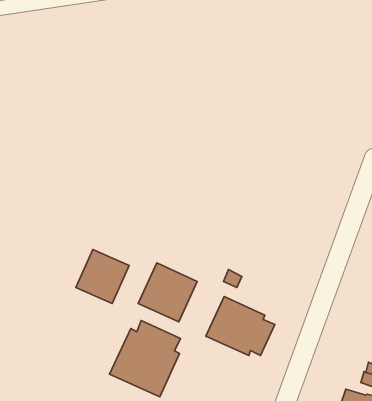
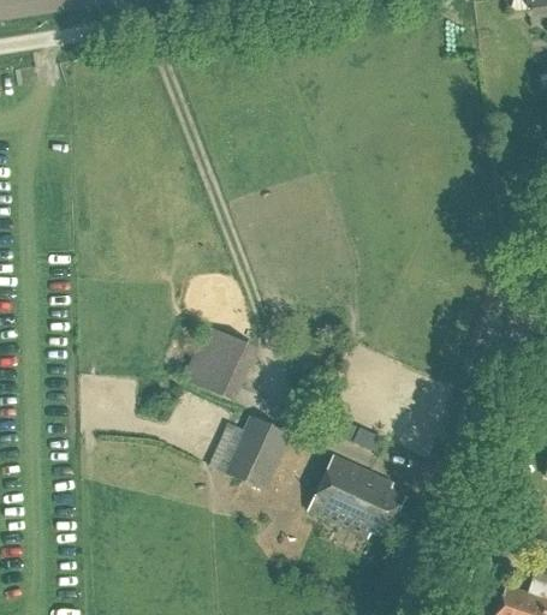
building: [76,250,129,304] -> [183,324,258,401]
building: [110,321,181,397] -> none

